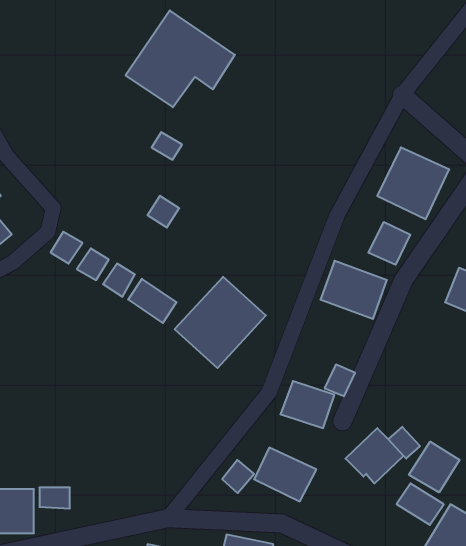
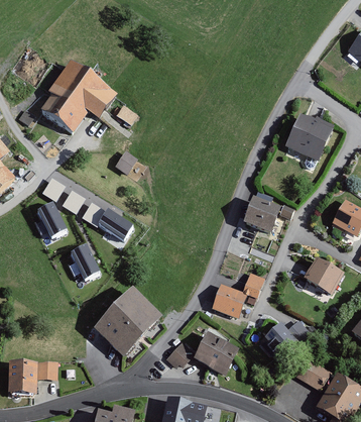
building: [126,10,235,107] -> [36,61,116,131]
building: [368,222,410,265] -> none
building: none -> [39,202,69,237]
building: [175,277,266,368] -> [93,291,159,357]
building: none -> [73,243,102,279]
building: none -> [304,257,341,293]
building: [409,442,460,492] -> none

